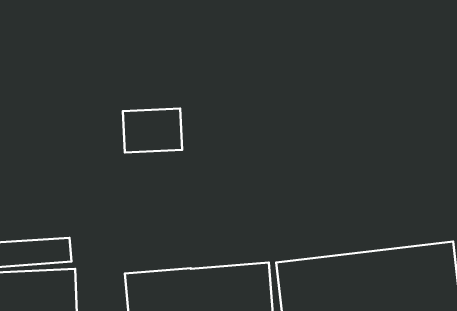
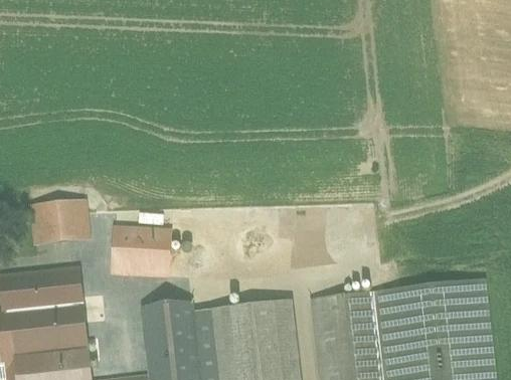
building: [123,108,182,153] -> [106,226,169,273]
building: none -> [28,201,83,243]

